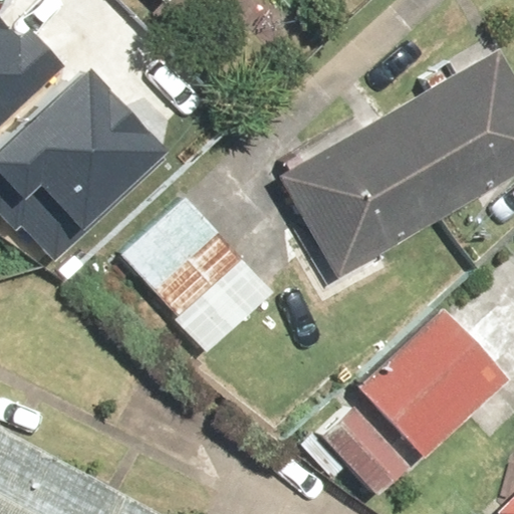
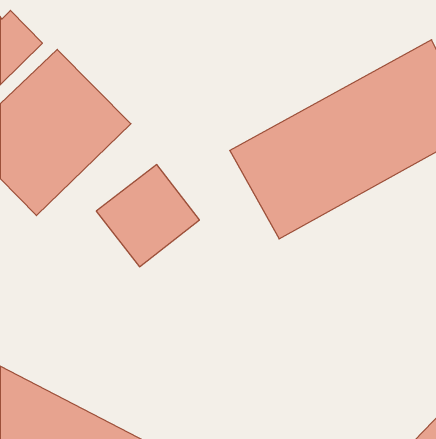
building: [313,295,505,506] -> none

